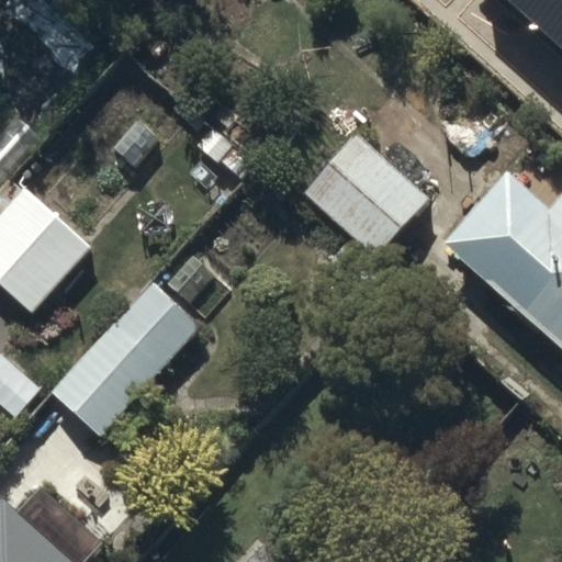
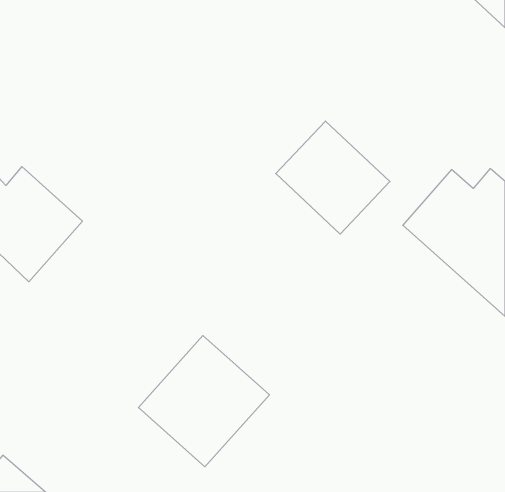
building: [52,280,198,435] -> none
building: none -> [138,336,269,467]

